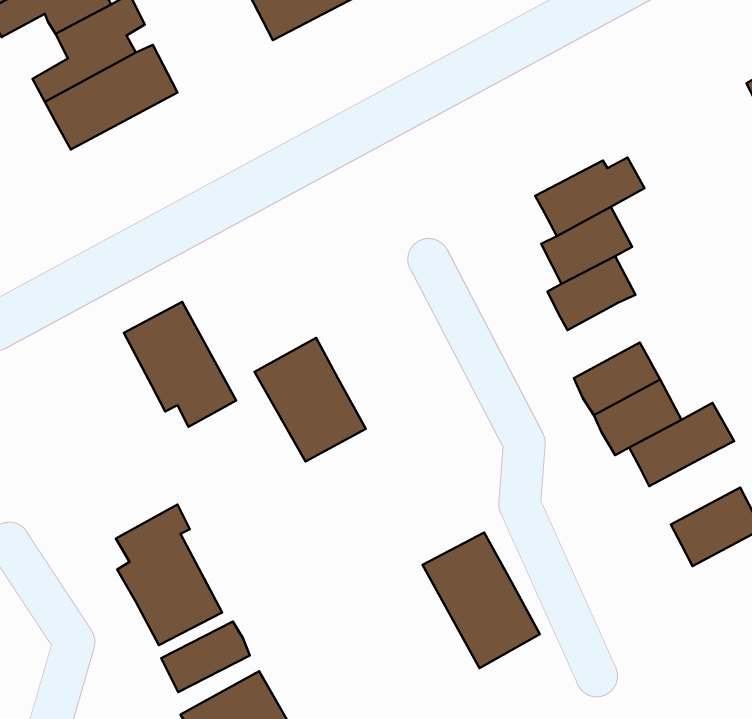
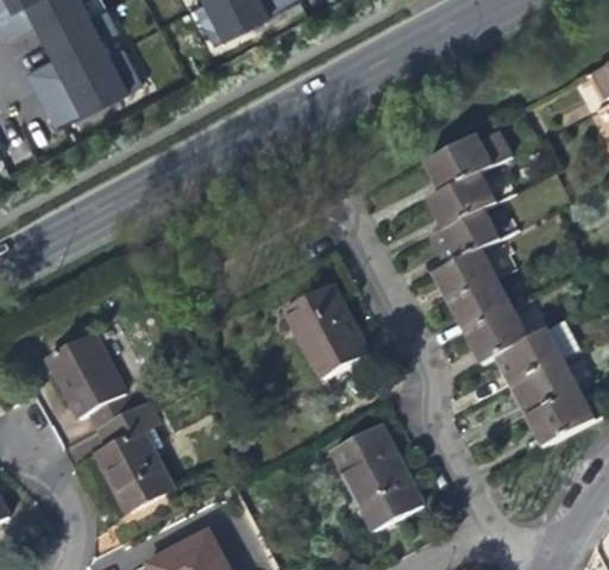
building: [124,302,236,427] -> [45,331,132,427]
building: none -> [432,245,500,303]
building: [255,338,366,461] -> [281,281,366,376]
building: none -> [507,358,577,416]
building: [161,622,250,692] -> none

